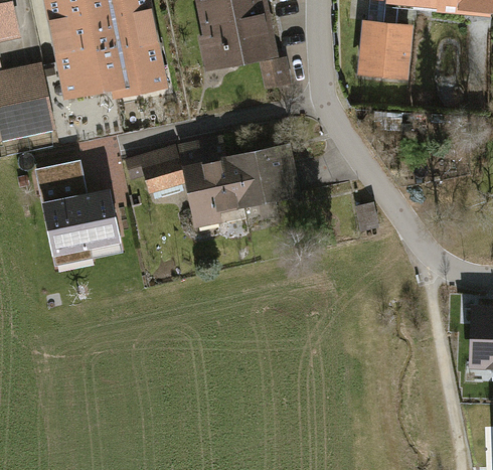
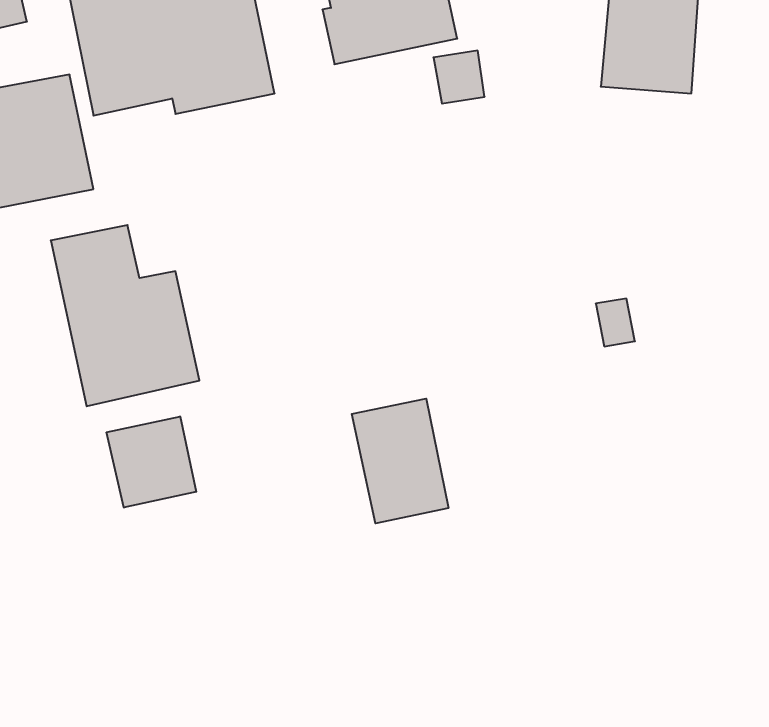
building: [126,134,300,231] -> none
building: none -> [352,399,448,523]
building: none -> [107,416,196,508]

